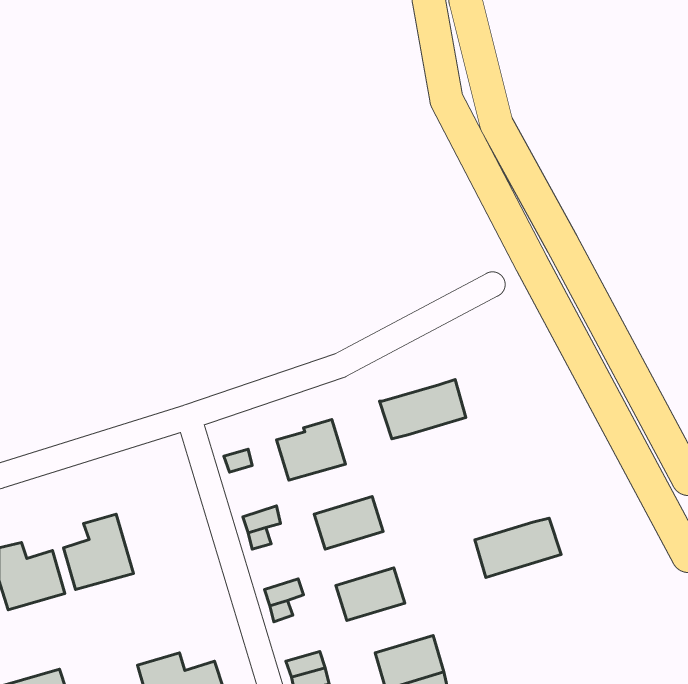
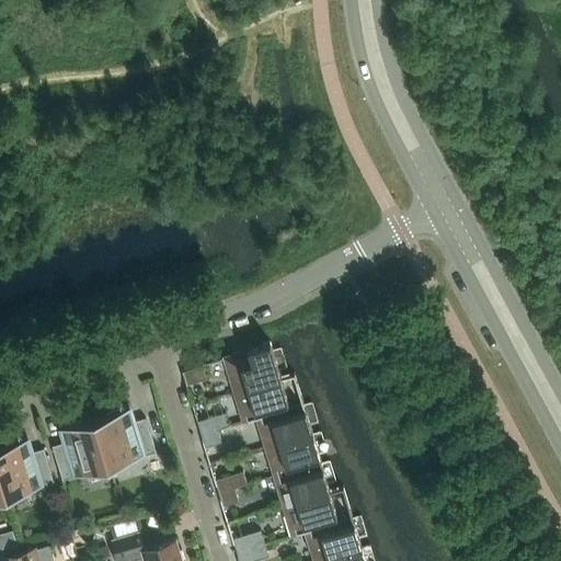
building: [380,380,466,439] -> [232,377,302,425]
building: none -> [94,414,154,470]
building: [475,518,561,577] -> [282,491,352,539]
building: none -> [264,436,320,480]

